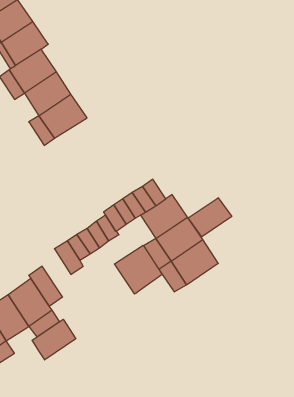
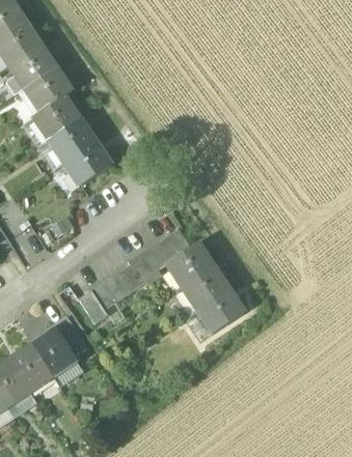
building: [188,198,232,237] -> none
building: [114,245,162,294] -> none
building: [32,319,76,360] -> none

